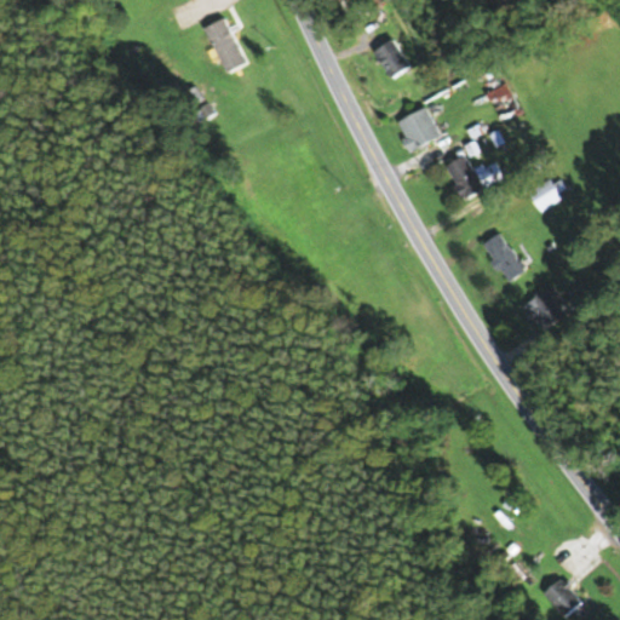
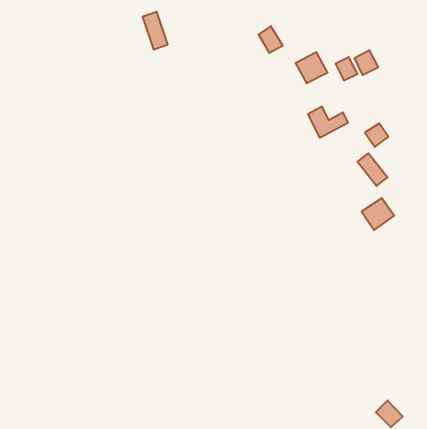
building: none -> [355,50,378,75]
building: [394,105,440,150] -> [296,52,328,83]
building: [481,232,524,280] -> [357,153,388,186]

